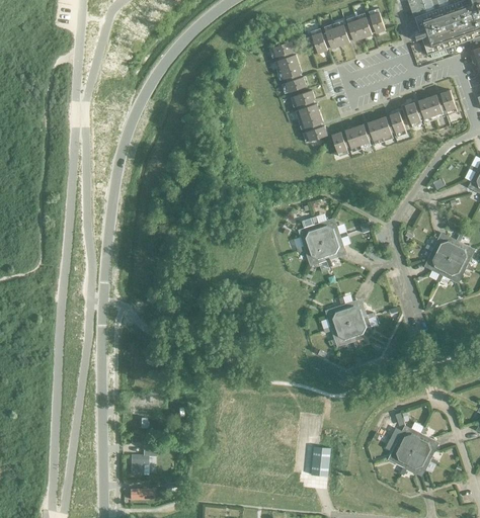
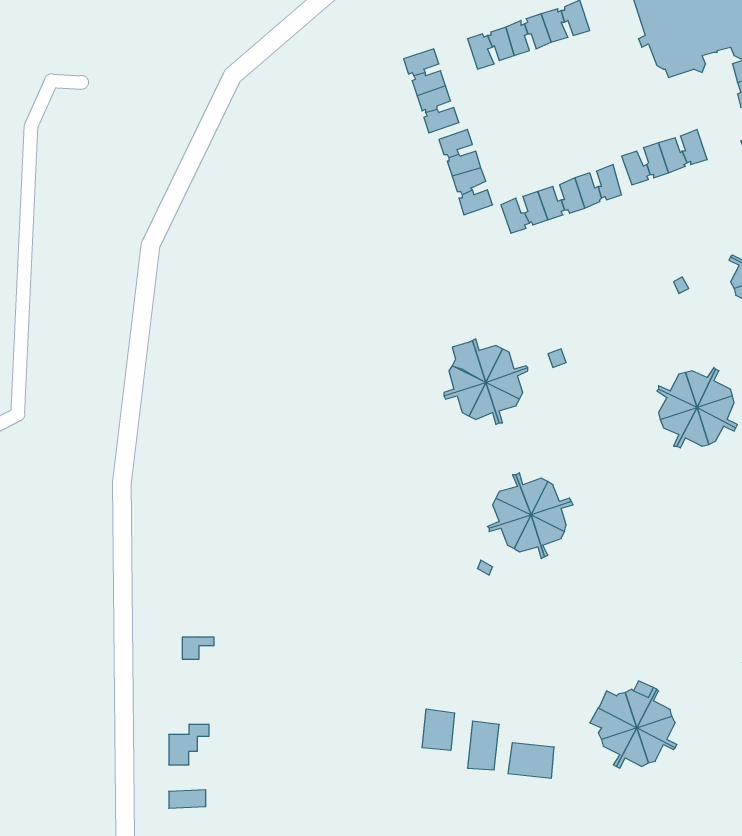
building: none -> [422,709,455,750]
building: none -> [508,743,554,778]

